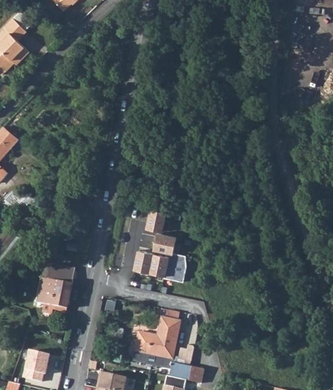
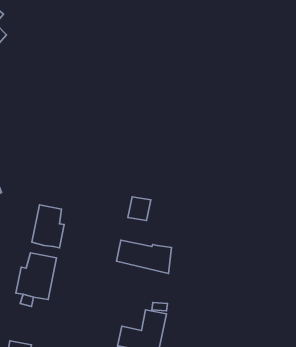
building: none -> [32,205,64,248]
building: [152,233,175,255] -> none

